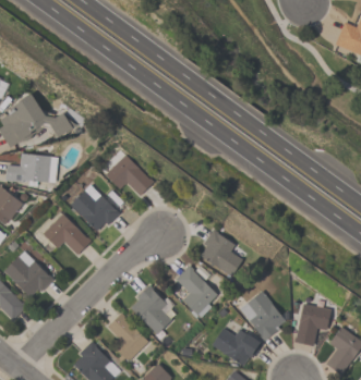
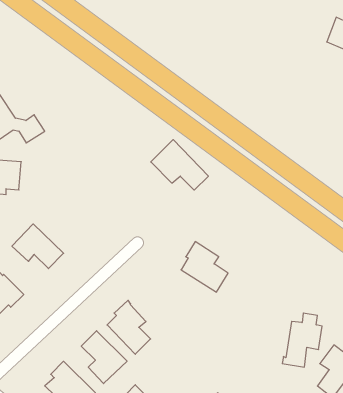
building: [99,148,153,195] -> [151,140,208,190]
building: [70,189,119,231] -> none
building: [175,265,217,317] -> none
building: [240,291,286,340] -> none
building: [213,328,262,366] -> none

